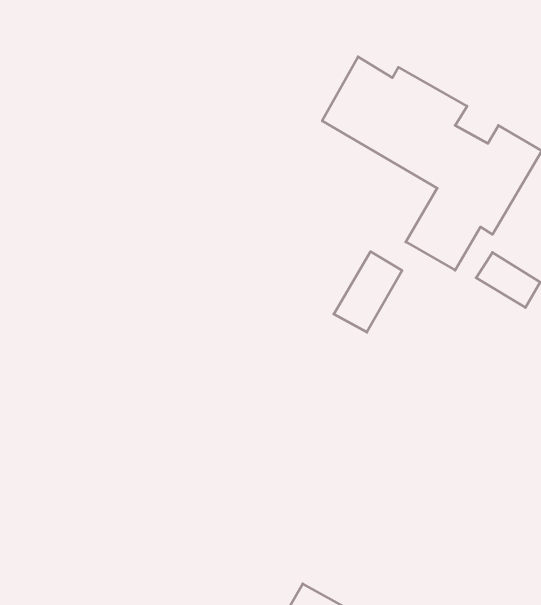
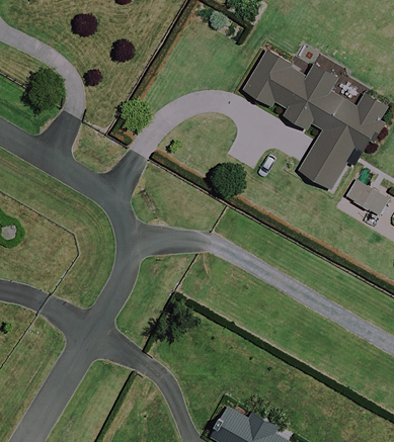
building: [334,252,402,332] -> none

